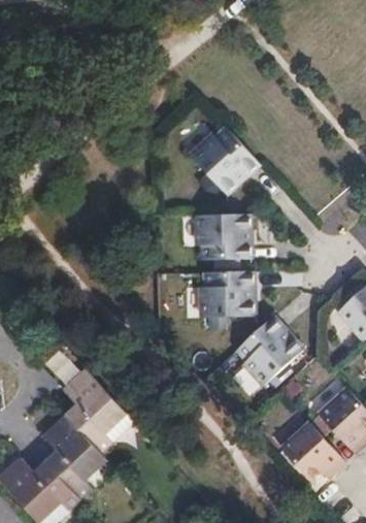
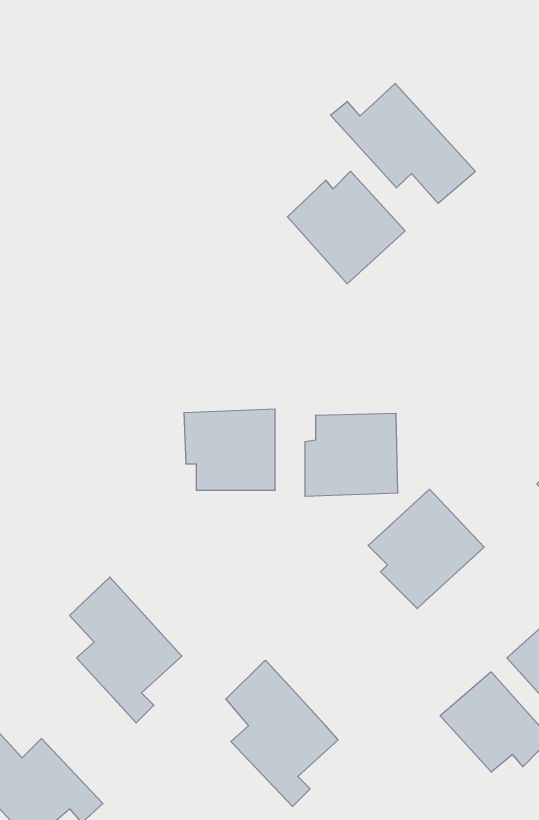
building: none -> [330,84,475,203]
building: [197,214,251,261] -> [184,409,275,490]
building: [41,415,107,500] -> [226,661,338,806]

